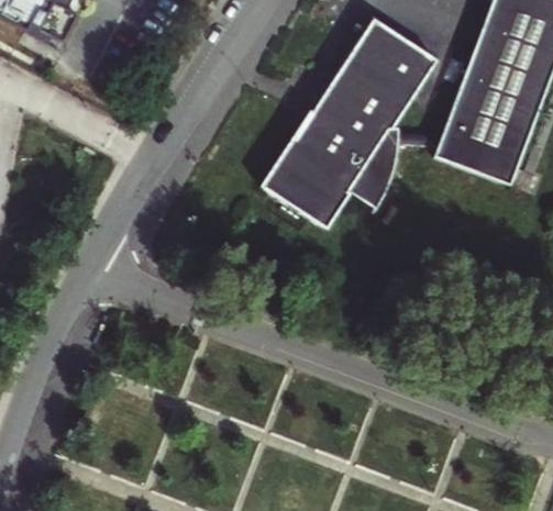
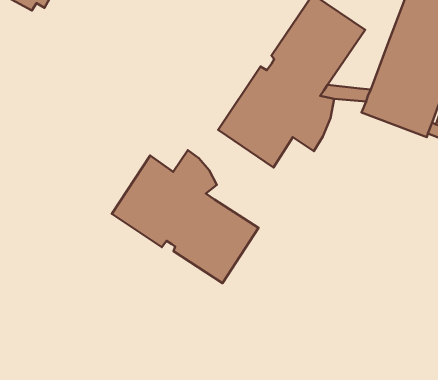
building: none -> [112,150,259,283]

